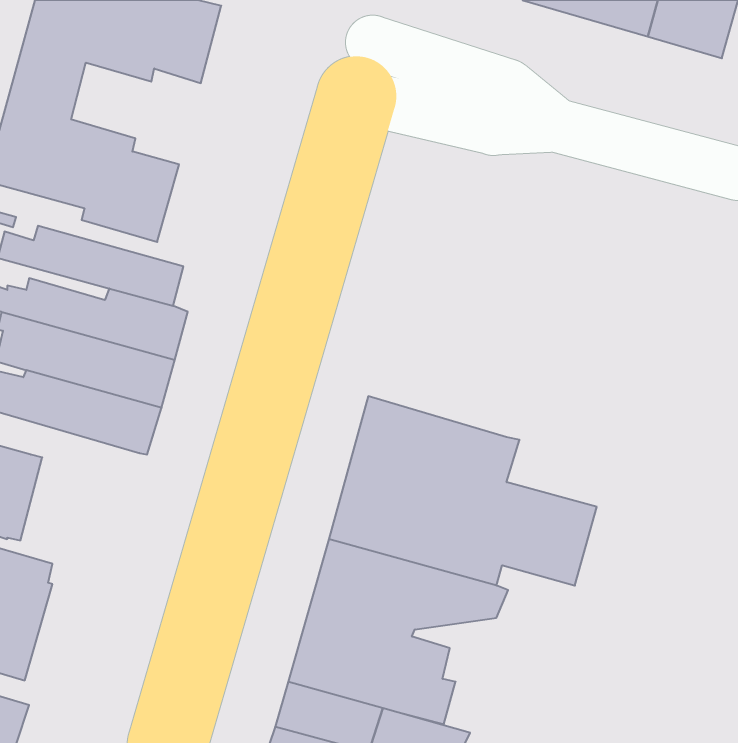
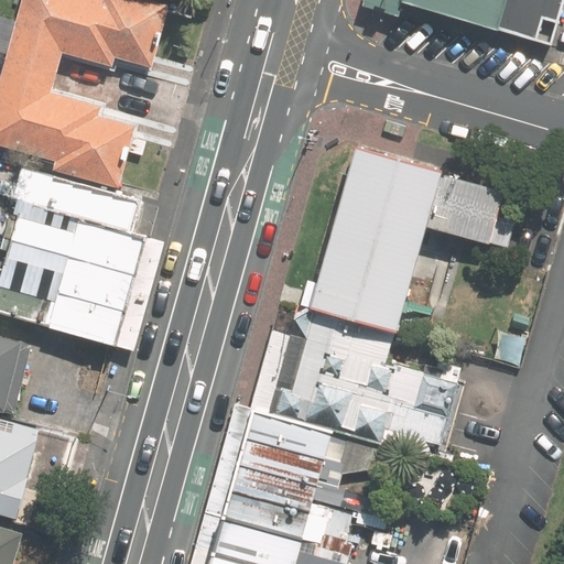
building: none -> [300,144,506,332]

